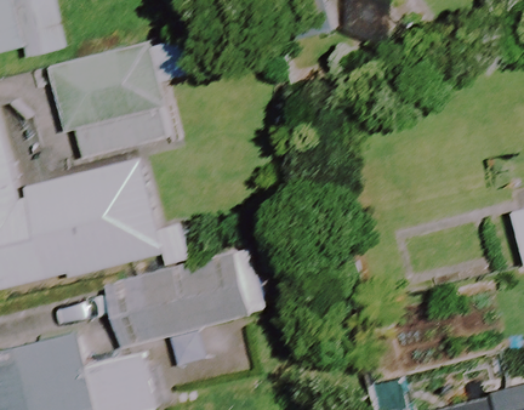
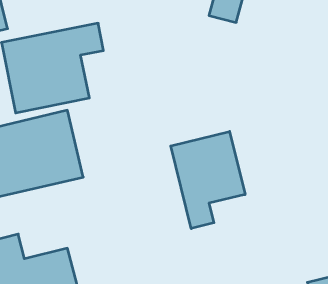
building: none -> [171,131,245,229]
building: [103,254,260,349] -> none

